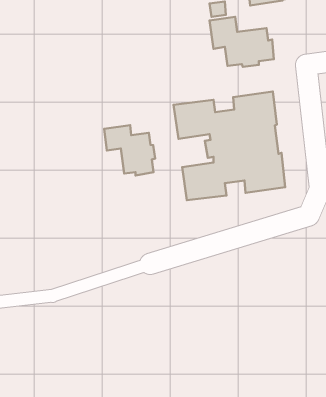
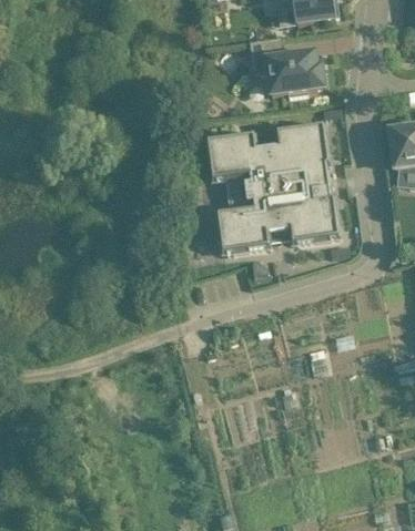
building: [104,125,155,175] -> none

